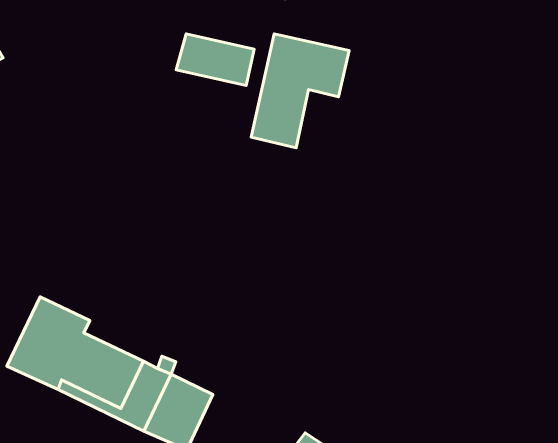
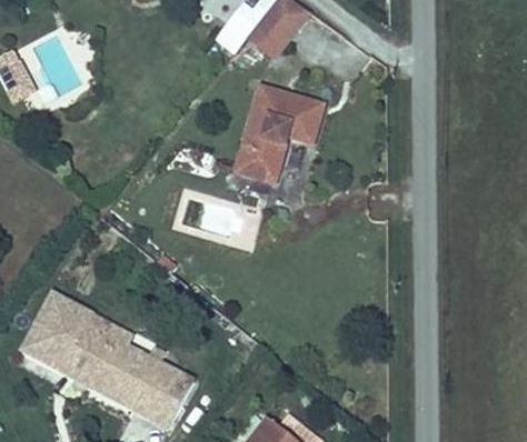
building: [176,34,254,85] -> none

